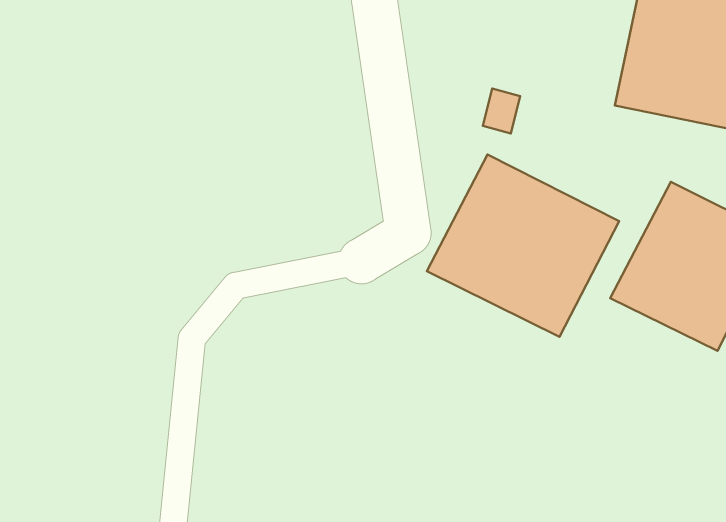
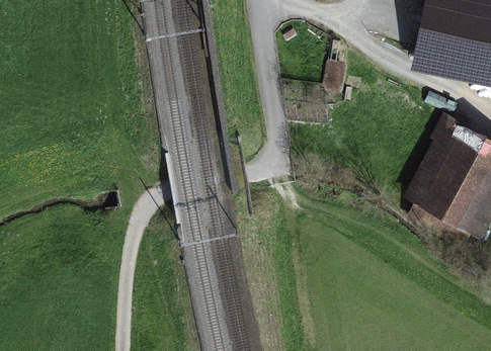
building: [427,155,619,337] -> none

